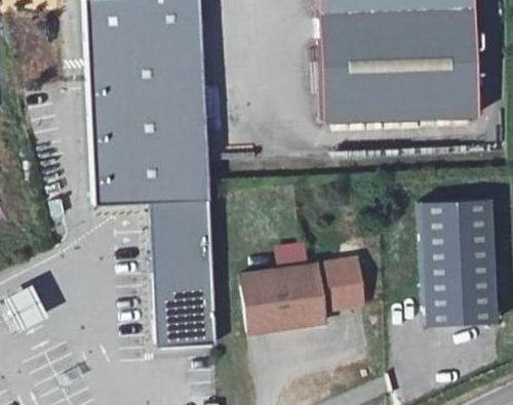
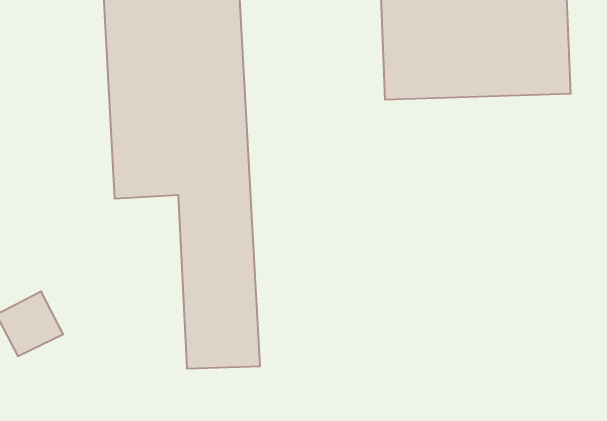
building: [420,198,500,326] -> none
building: [242,245,365,333] -> none

